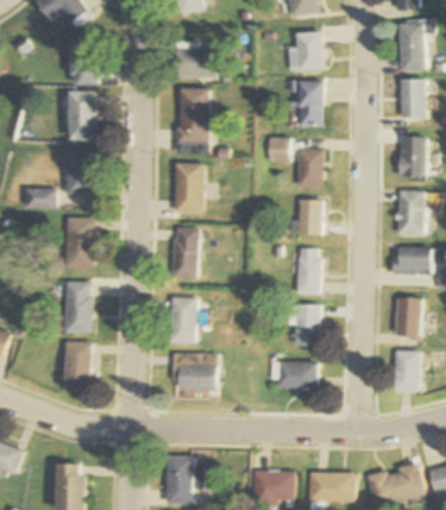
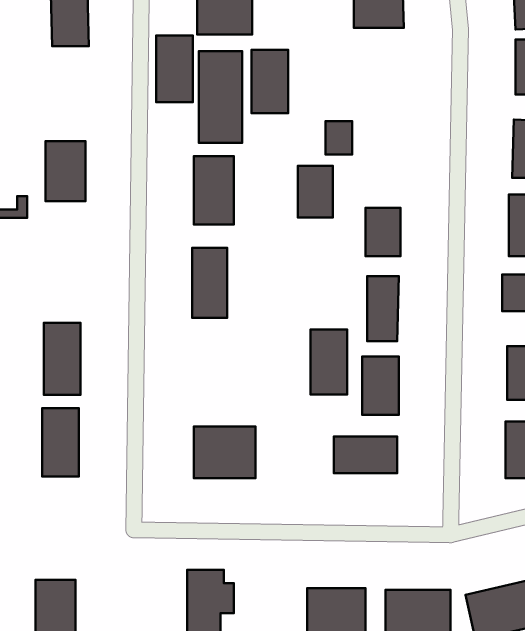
building: [296,81,322,126] -> [251,50,288,113]
building: [70,90,96,138] -> [156,36,193,102]
building: [296,149,321,185] -> [298,166,333,217]
building: [65,216,94,266] -> none
building: [169,296,195,342] -> [310,329,347,395]

